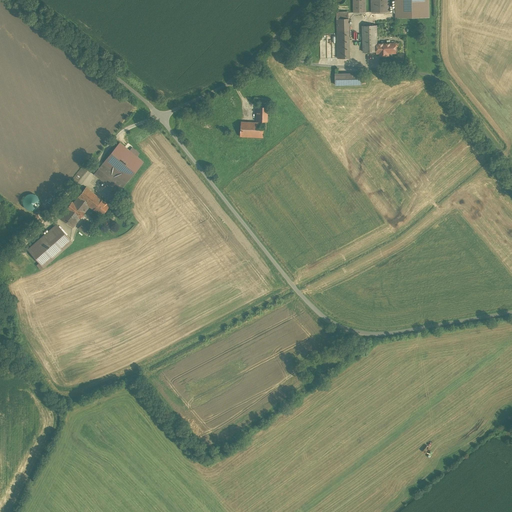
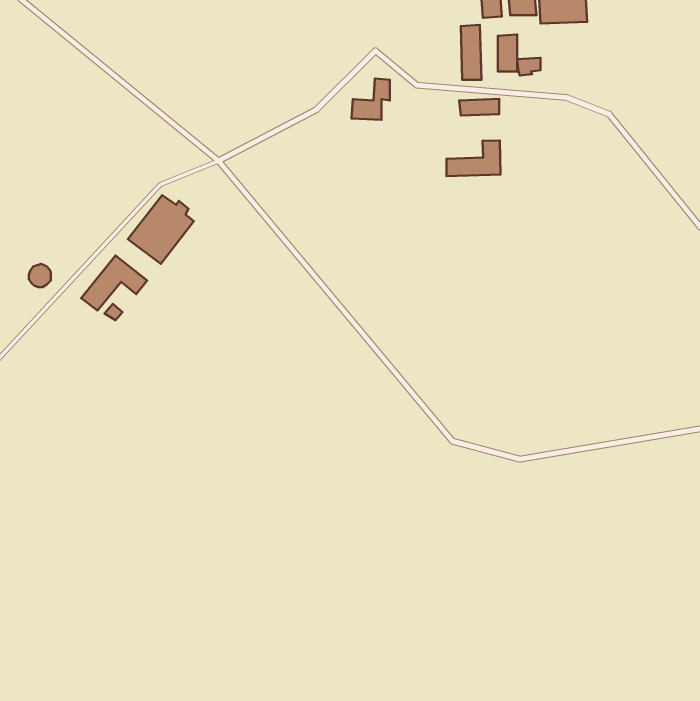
building: none -> [446,140,500,176]
building: [240,107,268,137] -> [351,79,390,120]
building: [26,223,70,266] -> none

